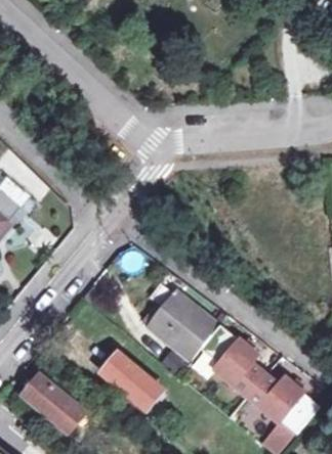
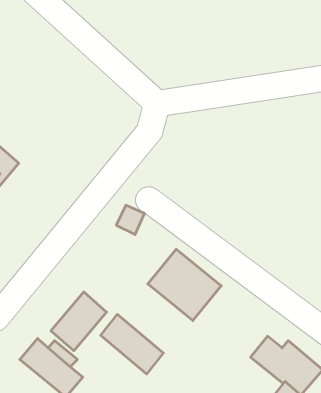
building: [201,323,264,394] -> none
building: none -> [51,292,107,351]

